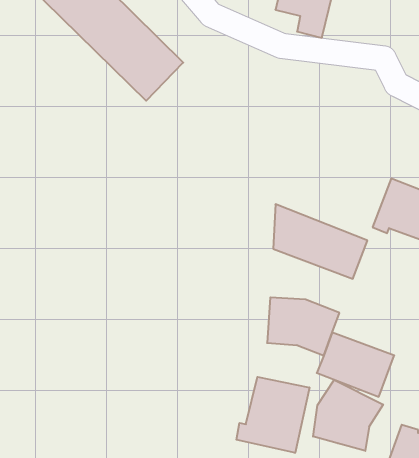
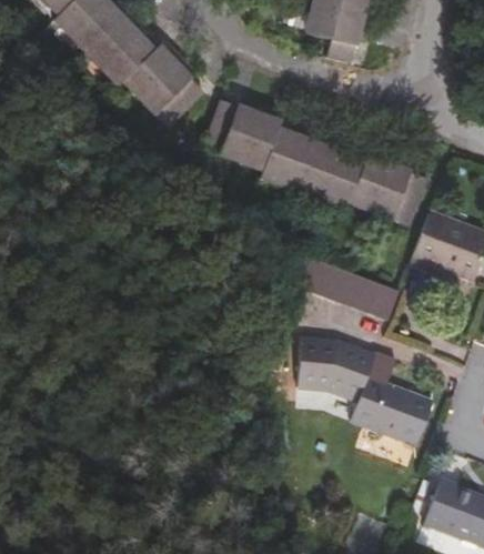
building: none -> [216,109,428,225]
building: [236,377,309,453] -> none
building: [313,380,383,451] -> none

